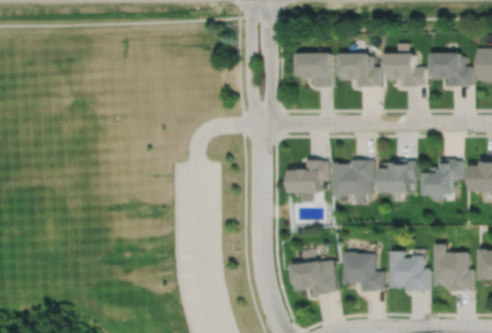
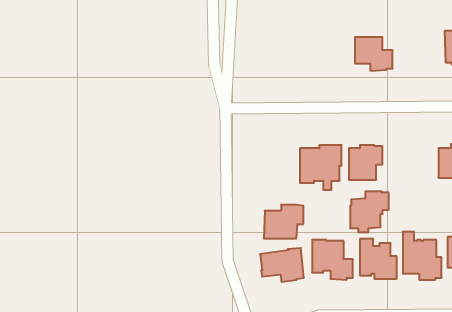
building: [299,53,333,86] -> none
building: [339,53,382,86] -> none
building: [430,53,471,85] -> none
building: [422,159,460,200] -> [350,191,389,232]
building: [289,160,328,194] -> [264,205,303,238]

